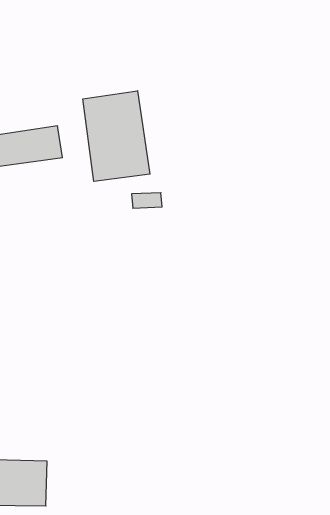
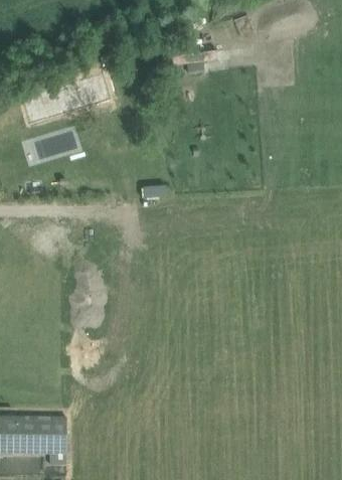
building: [83,91,150,181] -> none

